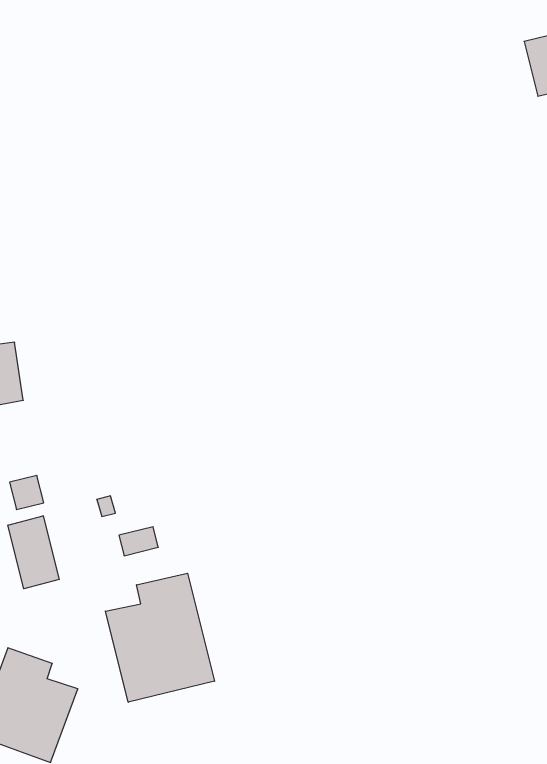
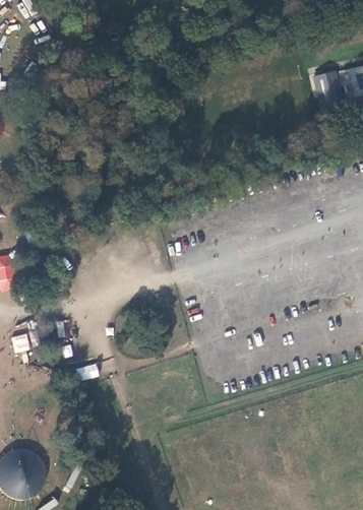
building: [8,516,59,589] -> none
building: [105,573,215,702] -> none

